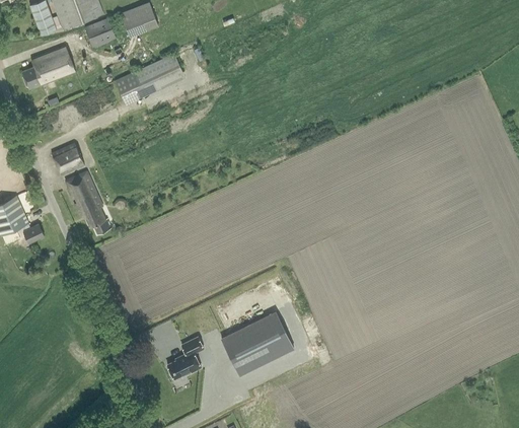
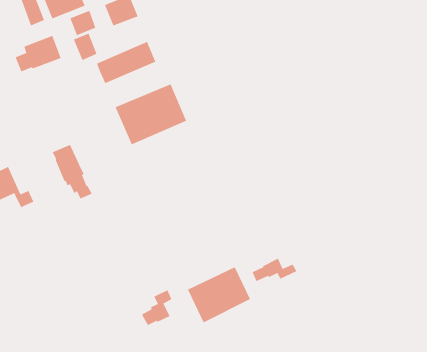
building: none -> [73,33,97,61]
building: none -> [115,84,187,145]
building: [52,142,85,174] -> none
building: none -> [252,258,297,282]

